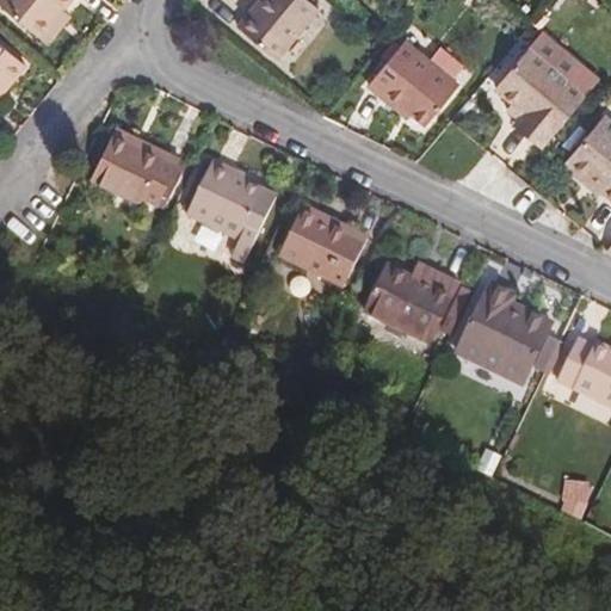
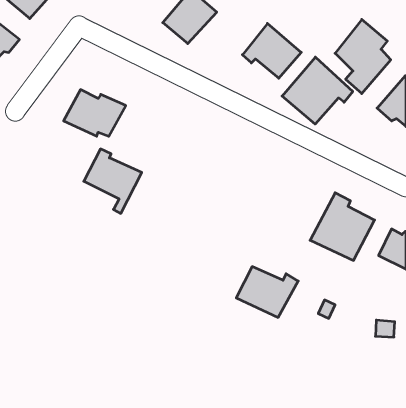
building: none -> [282,57,353,124]
building: [193,166,279,261] -> [84,149,142,213]
building: [279,209,371,282] -> none
building: [366,266,458,341] -> [236,267,298,317]

